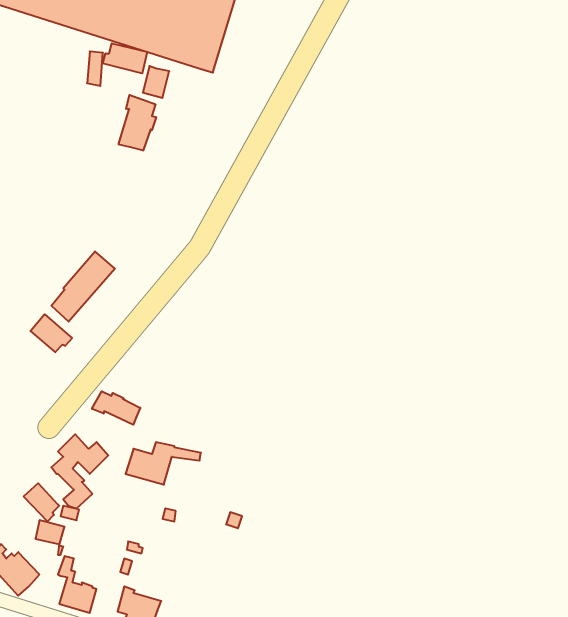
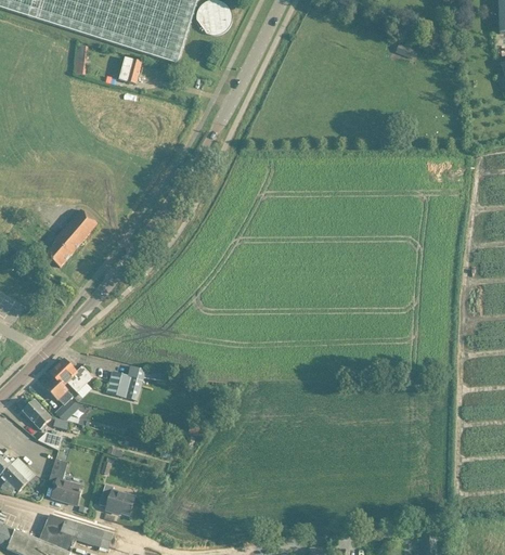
building: [103,43,147,73] -> none
building: [119,95,156,151] -> none
building: [30,314,72,352] -> none
building: [92,391,140,425] -> none

